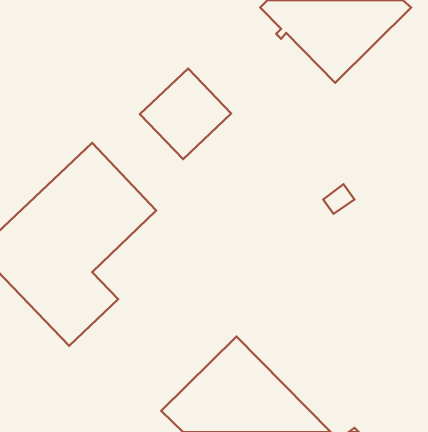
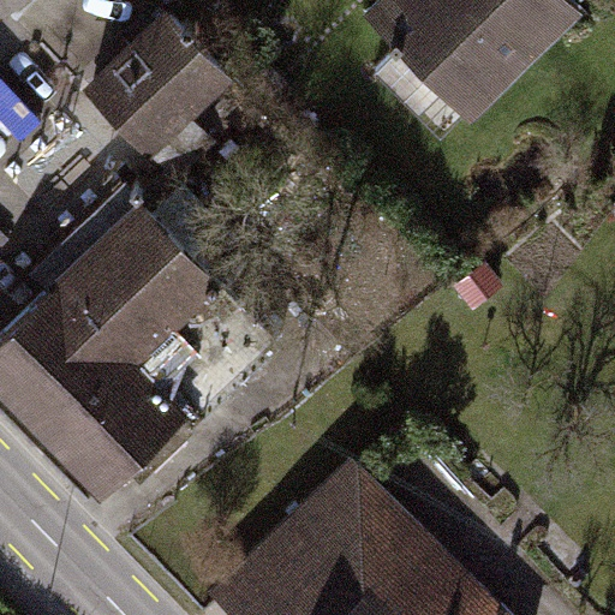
building: [140,69,231,159] -> [94,20,223,149]

